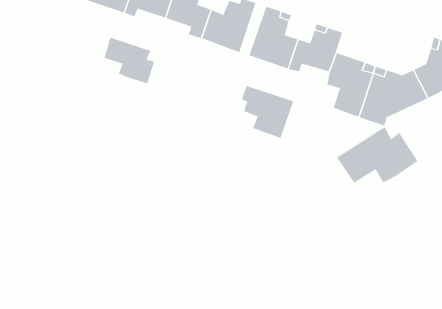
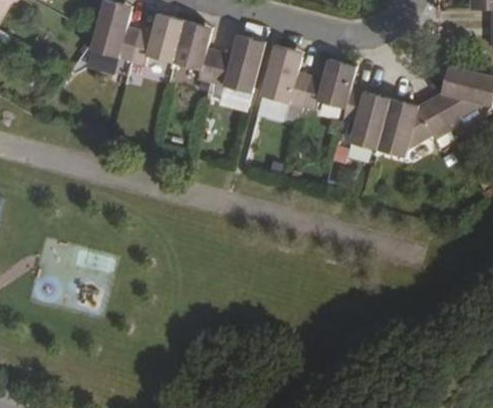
building: [104,37,155,84] -> none
building: [241,85,294,139] -> none
building: [336,126,418,183] -> none

